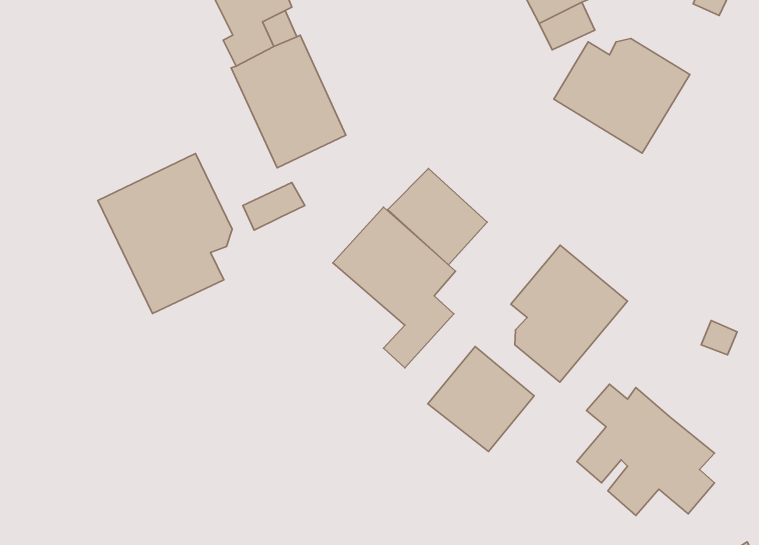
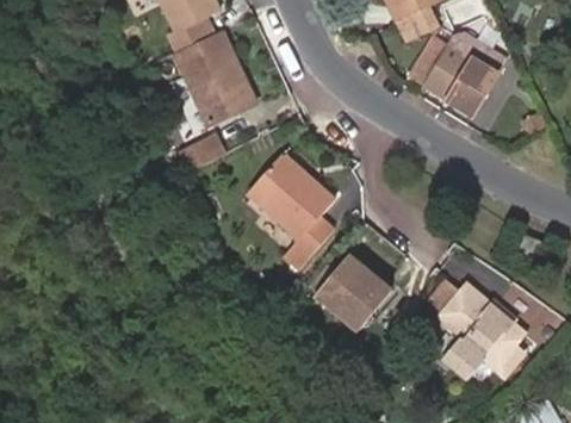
building: [98,154,232,314] -> none
building: [388,168,487,265] -> none
building: [511,245,627,382] -> none

